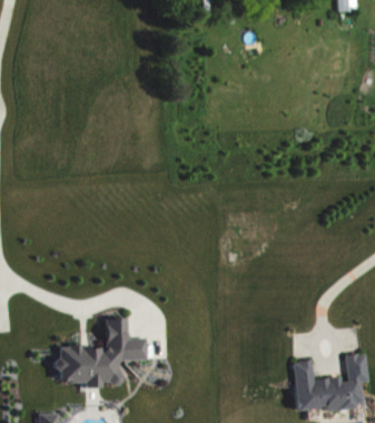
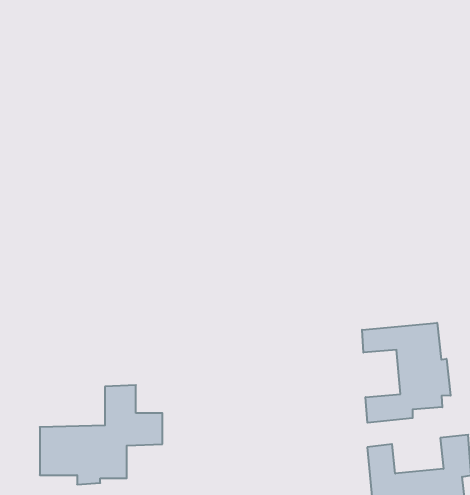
building: none -> [362,323,451,423]

